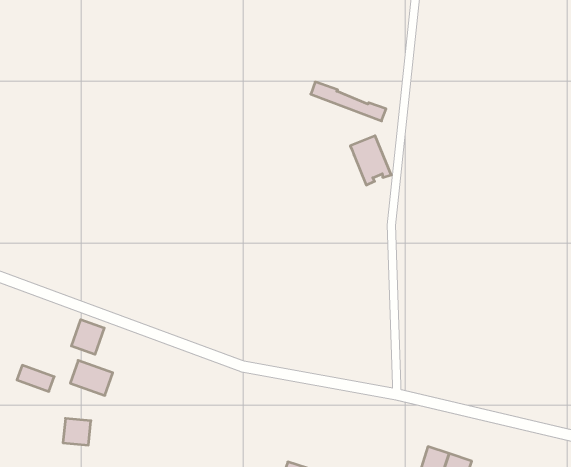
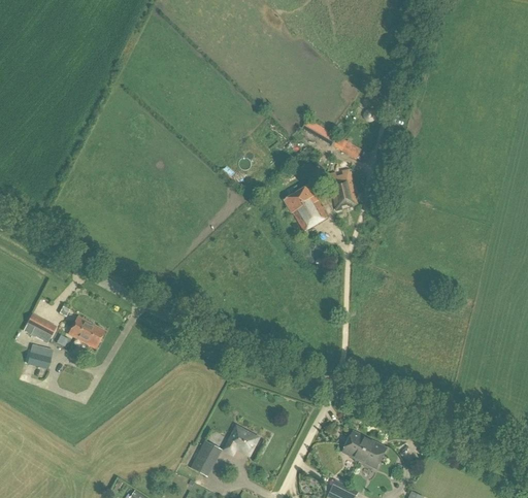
building: none -> [284,185,327,231]
building: [71,320,104,354] -> none
building: [63,418,91,445] -> [26,344,52,369]

